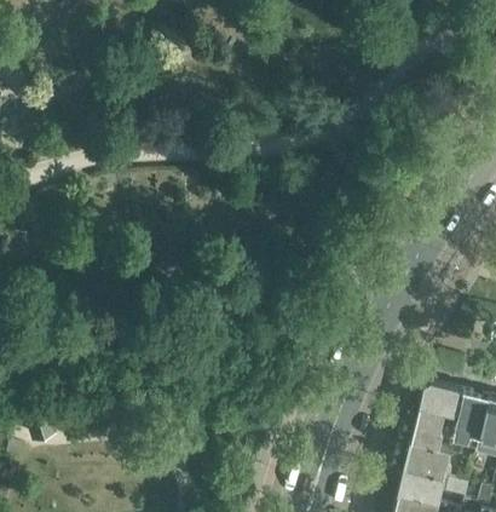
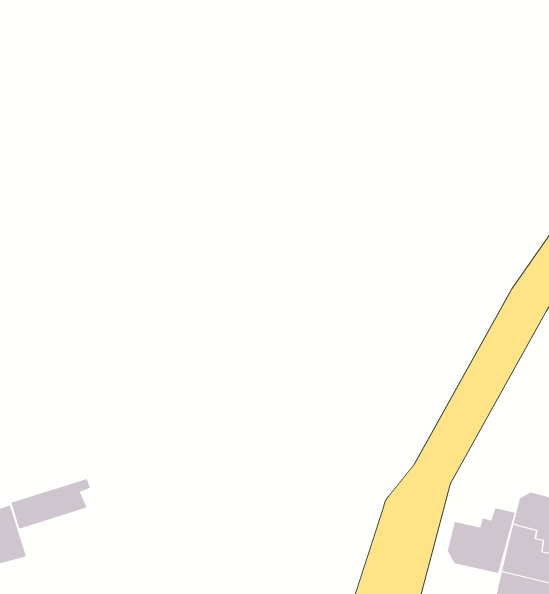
building: none -> [11,478,91,530]
building: none -> [447,507,516,574]

